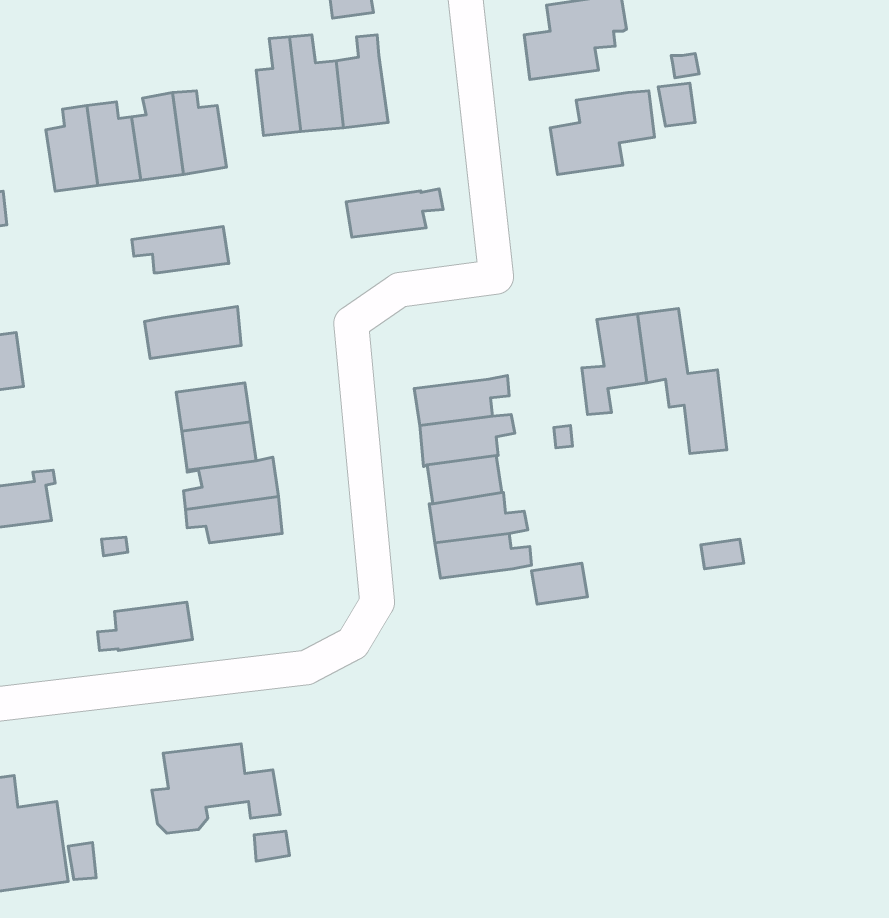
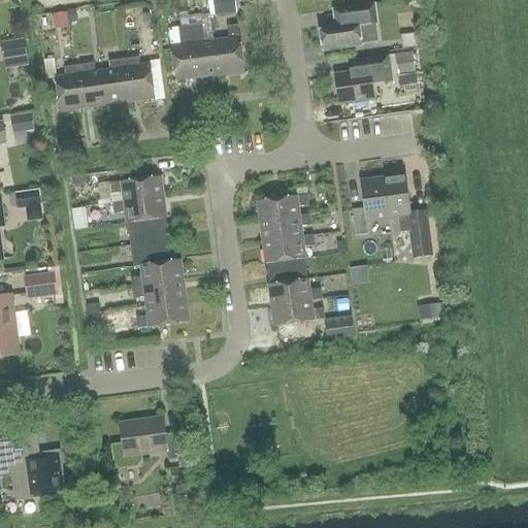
building: [346,189,443,237] -> [256,193,309,220]
building: [132,226,229,273] -> [112,196,166,222]
building: [98,602,193,651] -> [136,300,189,327]

